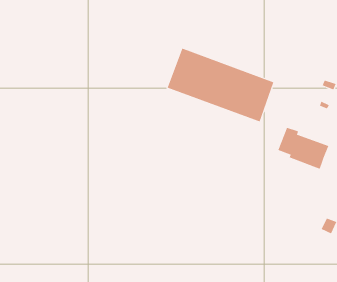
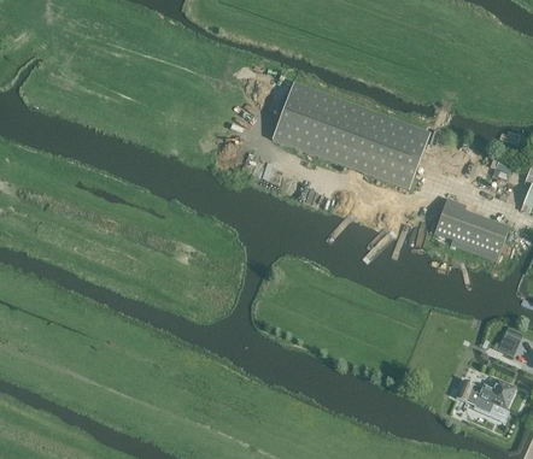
building: none -> [456,378,515,412]

